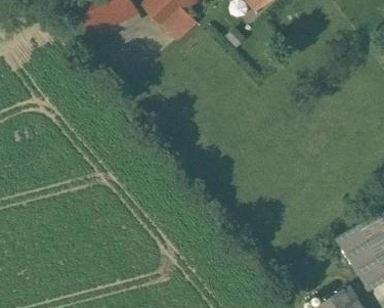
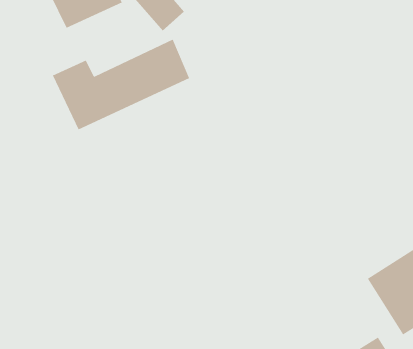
building: none -> [52,38,190,131]

